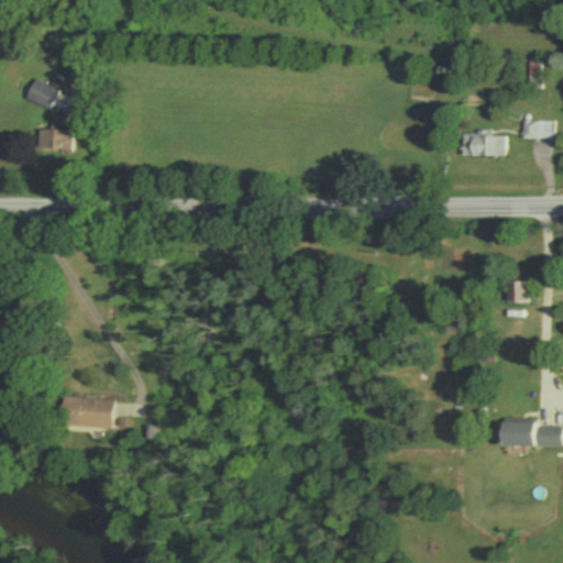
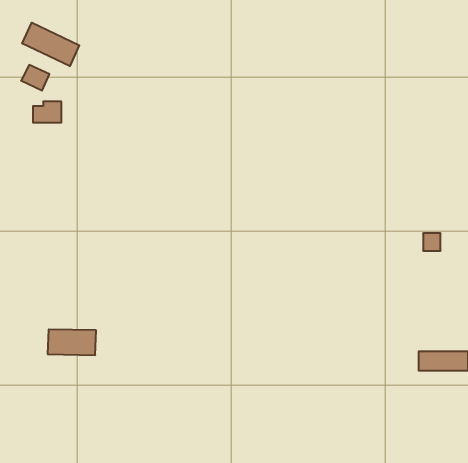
building: none -> [22,23,79,66]
building: [523,119,553,137] -> none
building: [463,133,506,155] -> none

